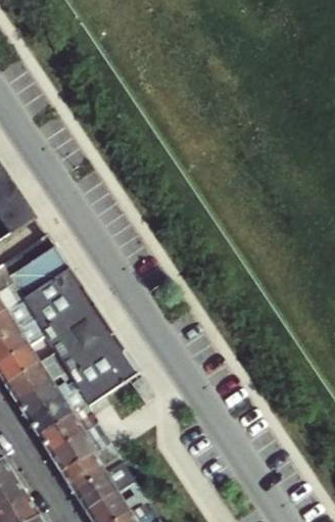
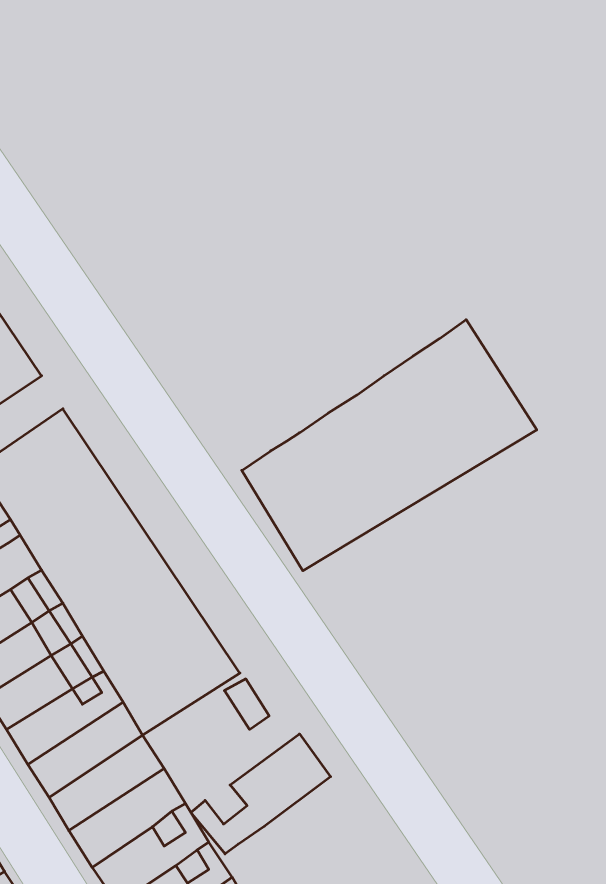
building: none -> [242,320,537,571]
building: none -> [191,734,331,854]

